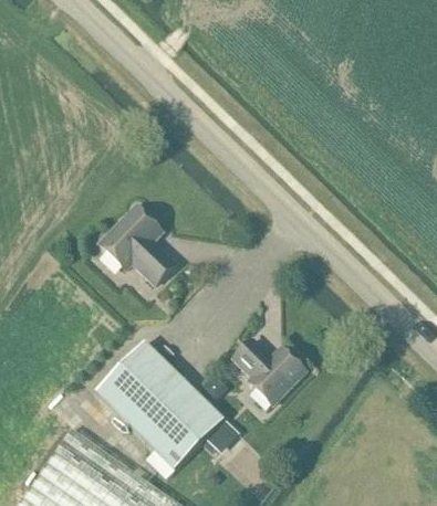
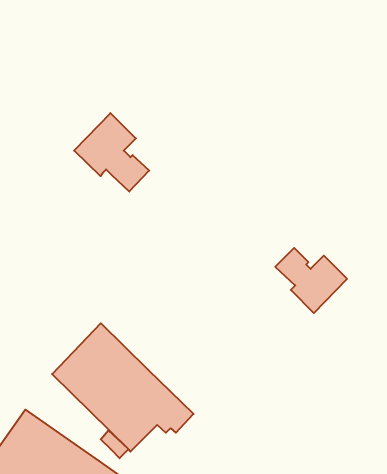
building: [101,208,176,286] -> [74,113,149,192]
building: [235,340,306,405] -> [275,248,347,313]

